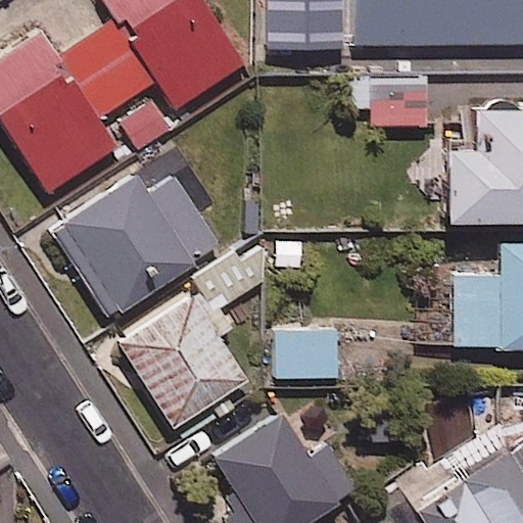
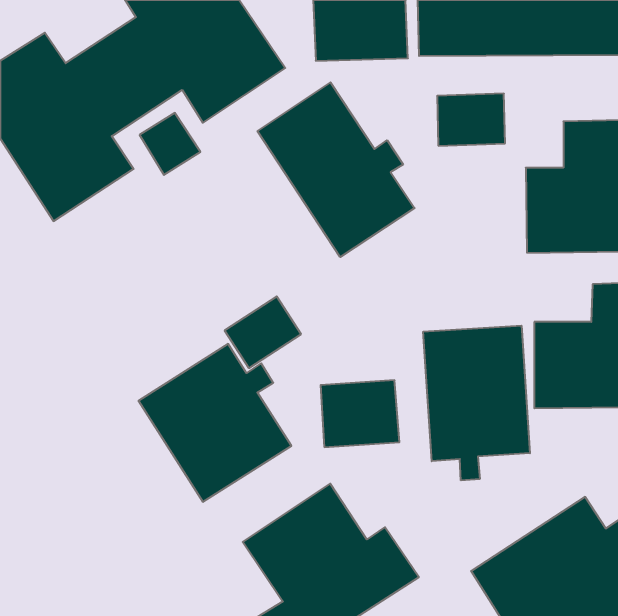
building: none -> [258,82,415,257]
building: [52,175,219,311] -> none
building: none -> [423,326,530,480]

